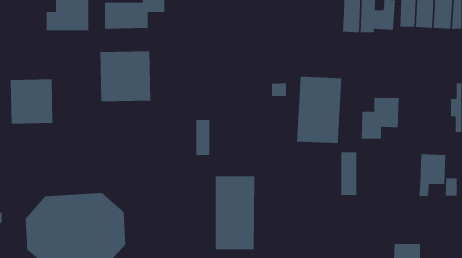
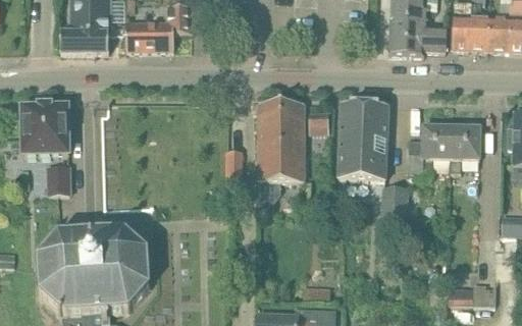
building: [100,50,151,102] -> none
building: none -> [48,166,70,194]
building: [419,154,446,196] -> [450,125,480,172]
building: [215,176,255,250] -> [259,100,304,181]

